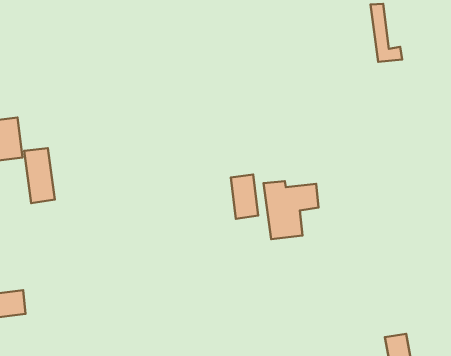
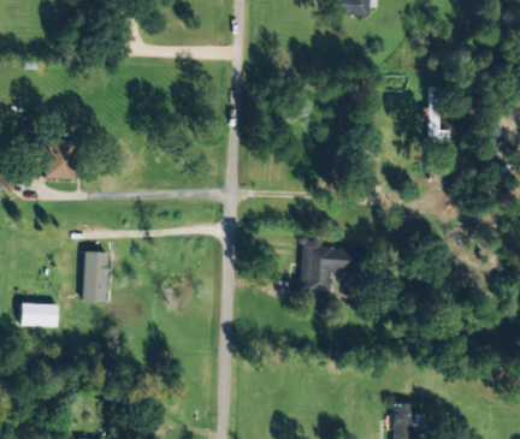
building: [24,148,55,203] -> [83,251,107,302]
building: [231,174,258,219] -> none

